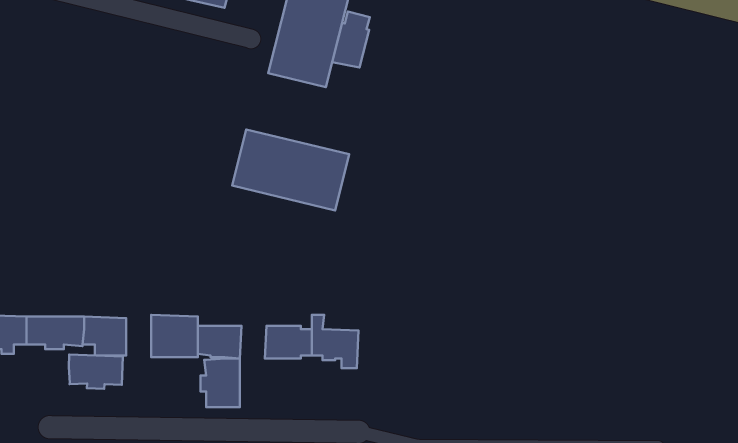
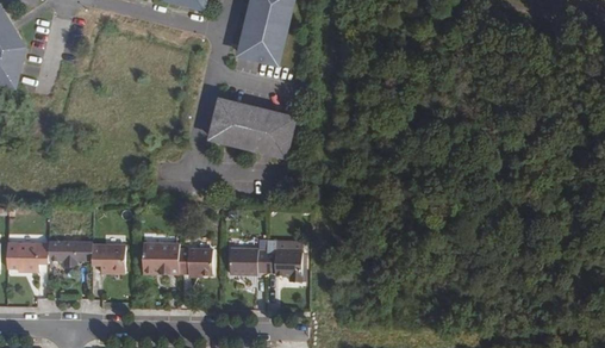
building: [332,11,370,67] -> none
building: [69,355,123,389] -> none
building: [201,359,240,407] -> none

